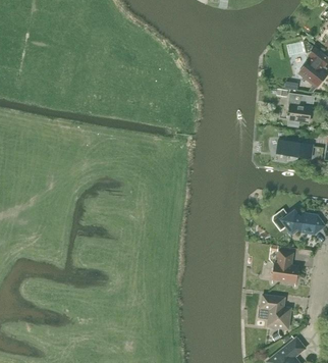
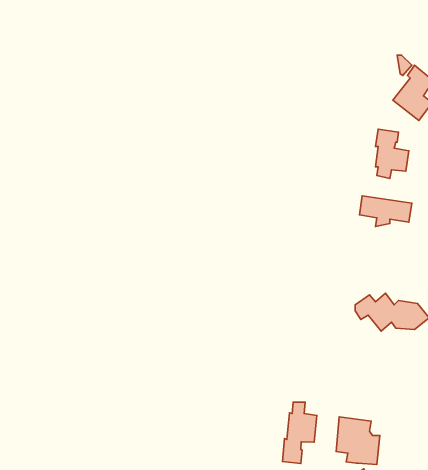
building: [272,251,298,282] -> none
building: none -> [283,402,317,463]

